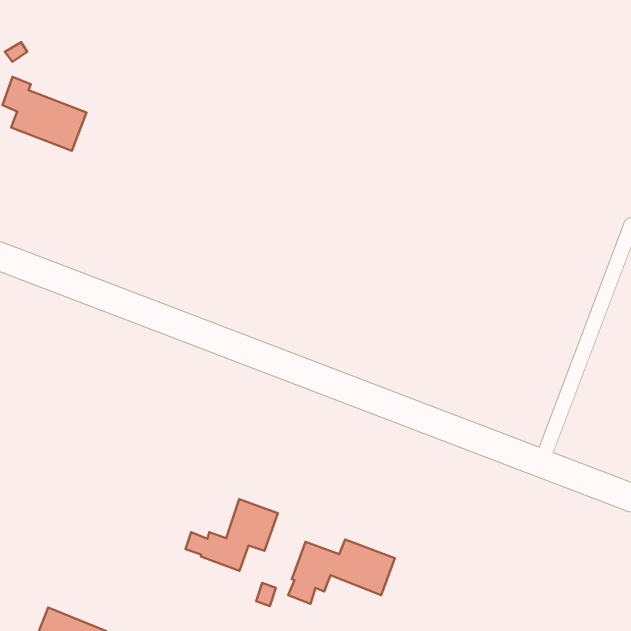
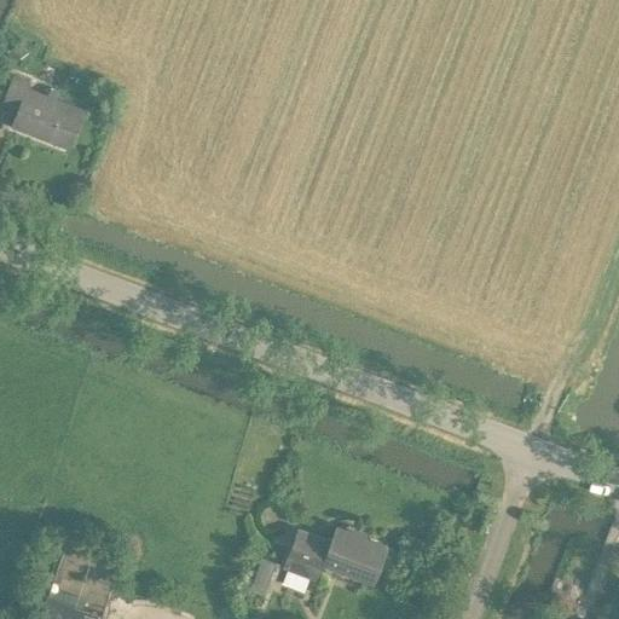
building: [185,499,278,571] -> none

